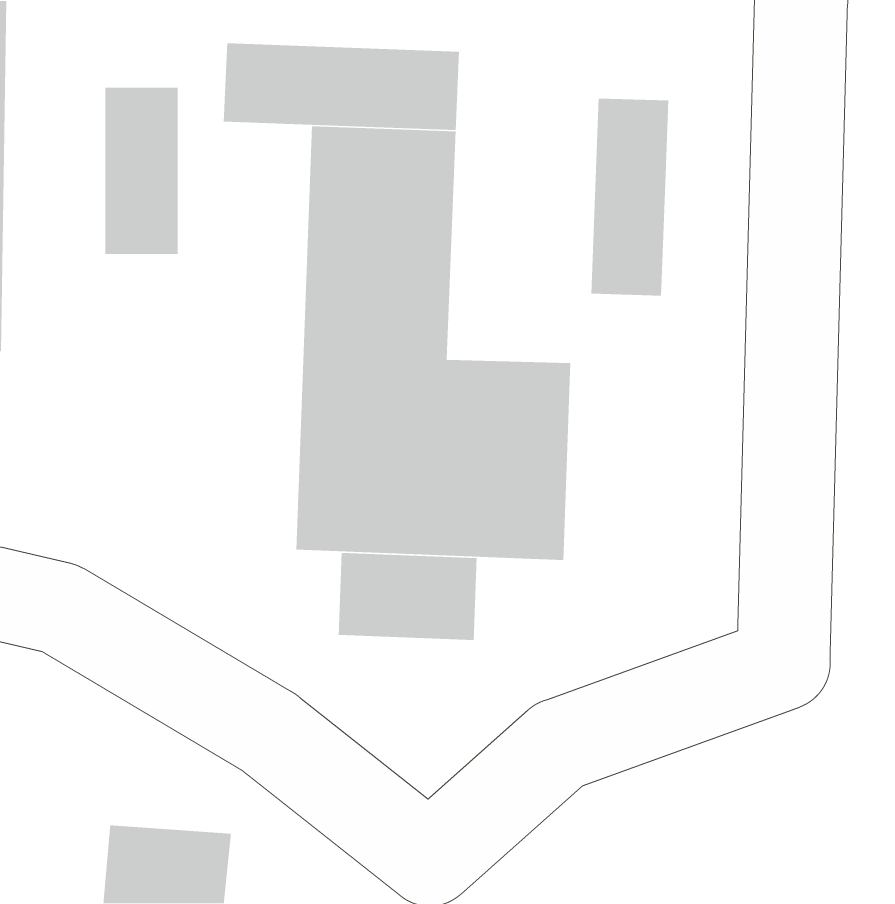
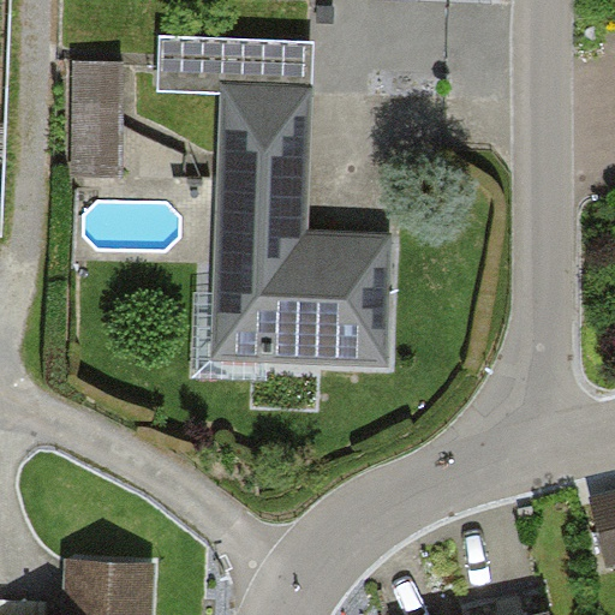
building: [591,98,669,296] -> none
building: [338,552,477,641] -> none

